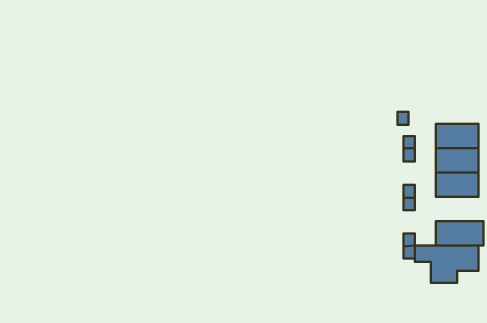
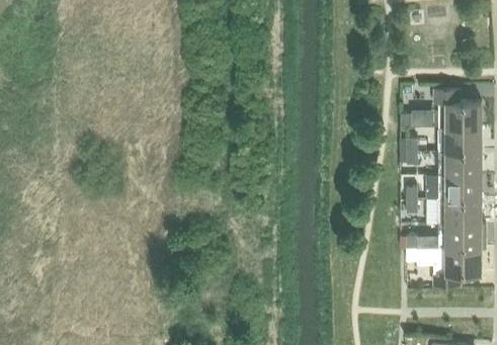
building: none -> [434,88,482,125]
building: none -> [439,198,482,223]

